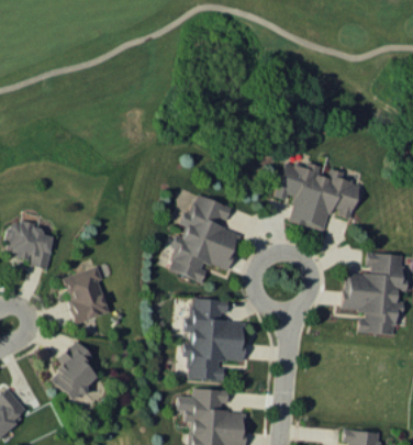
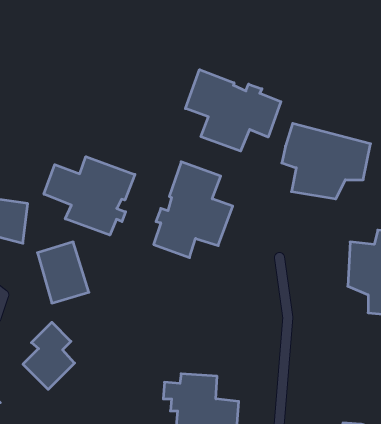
building: none -> [185,70,281,151]
building: none -> [44,157,135,235]
building: [182,298,246,380] -> none

